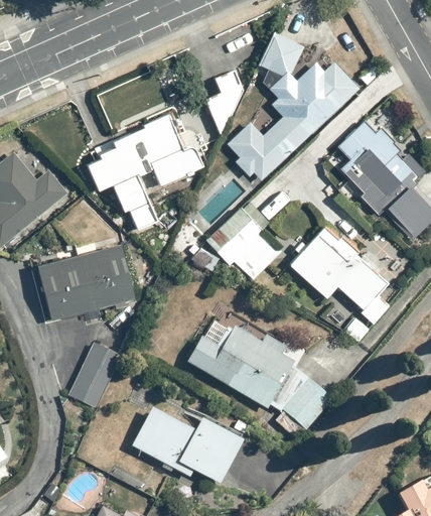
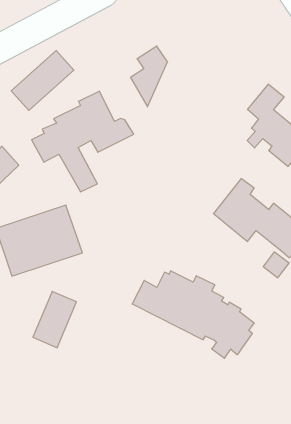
building: [228,29,358,179] -> none
building: none -> [11,51,74,110]
building: [207,203,279,278] -> none
building: [131,401,250,486] -> none

